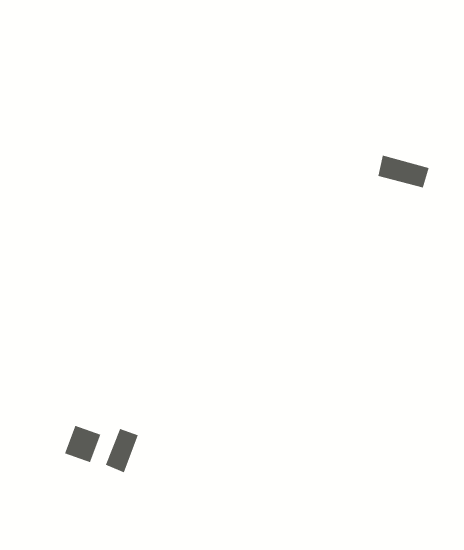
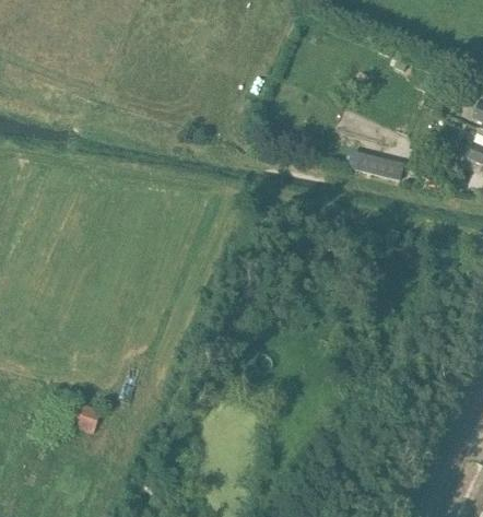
building: [105,428,139,473] -> none

